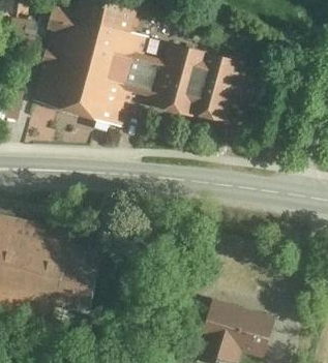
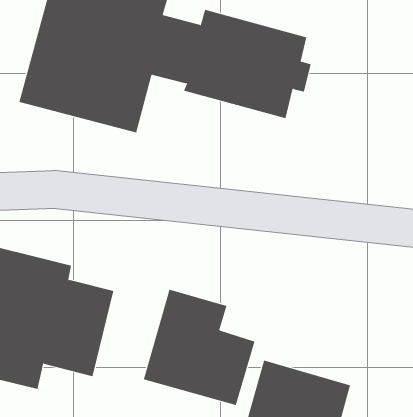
building: none -> [143,289,255,406]

